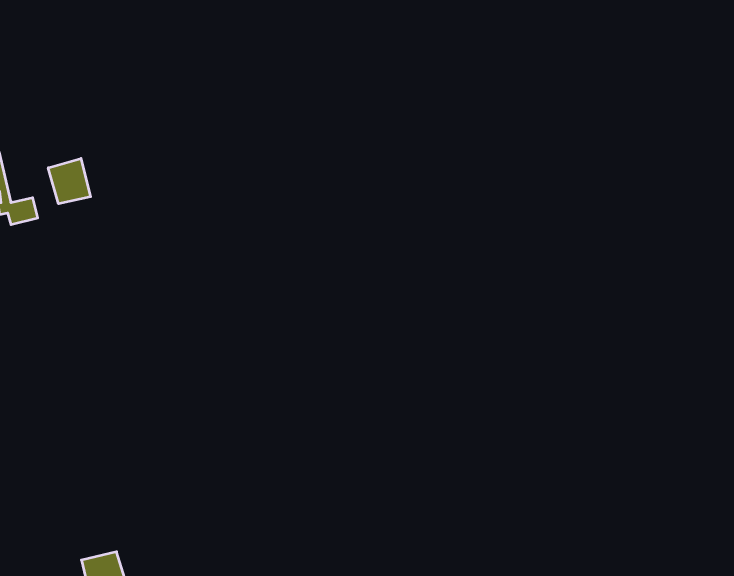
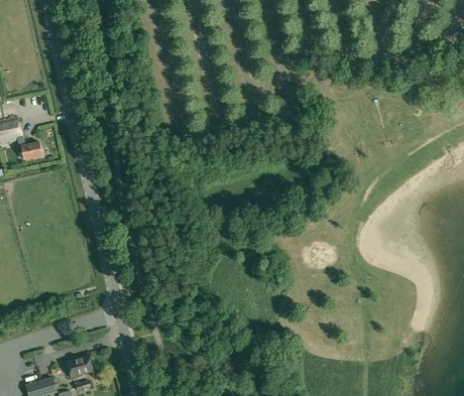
building: [48,158,91,204] -> none

